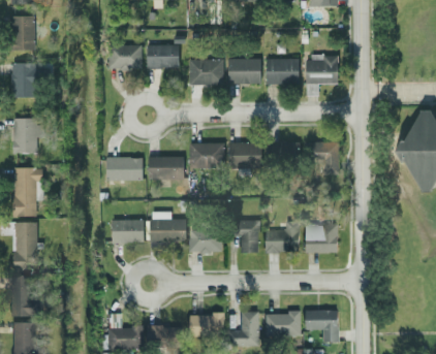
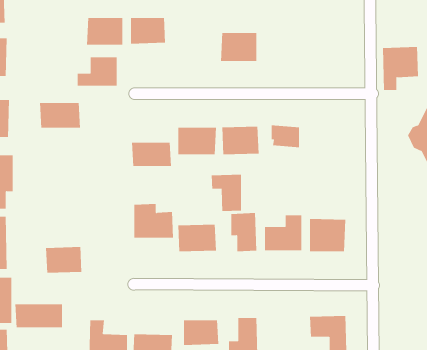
building: [304,56,337,95] -> [382,47,419,90]
building: [187,58,222,85] -> none
building: [264,58,298,84] -> none
building: none -> [77,57,117,87]
building: [304,140,338,172] -> none
building: [104,157,142,180] -> [39,103,81,128]
building: none -> [211,174,242,212]
building: [110,219,143,243] -> [45,247,82,273]
building: none -> [15,303,62,328]
building: [266,314,302,337] -> none

